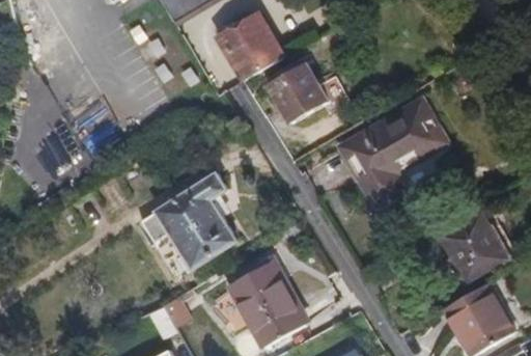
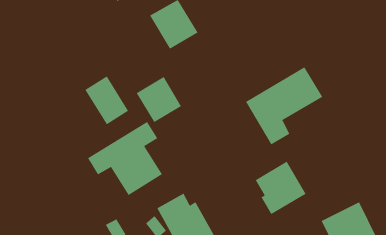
building: [266,62,325,122] -> [136,76,182,123]
building: none -> [85,75,129,125]
building: [440,213,506,282] -> [255,161,306,215]

